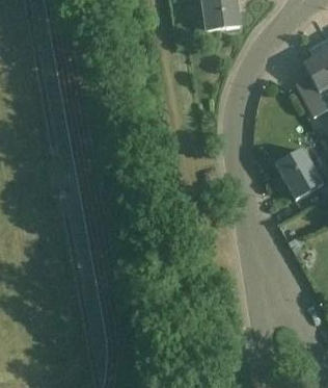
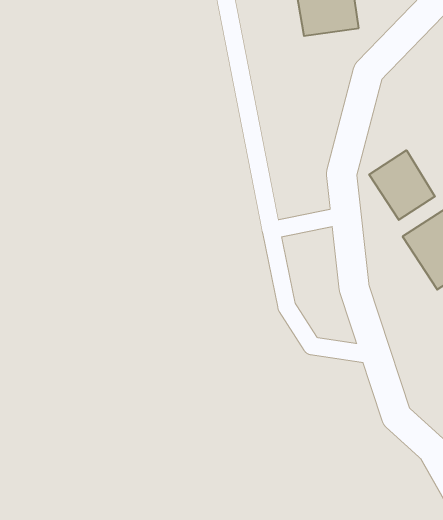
building: none -> [369,150,435,220]

